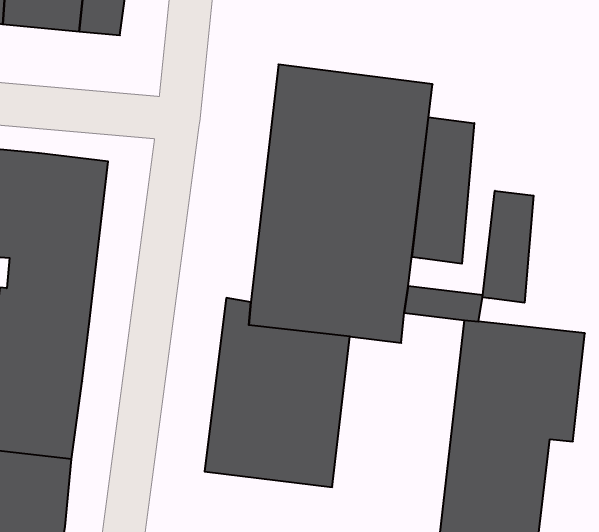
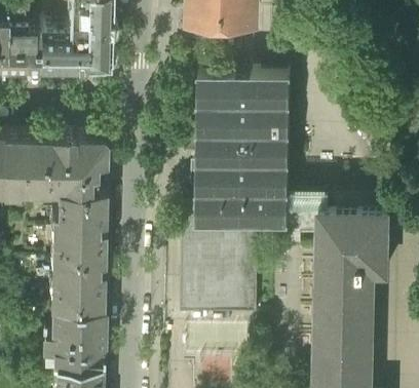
building: [412,117,474,264] -> none
building: [482,191,534,303] -> none

